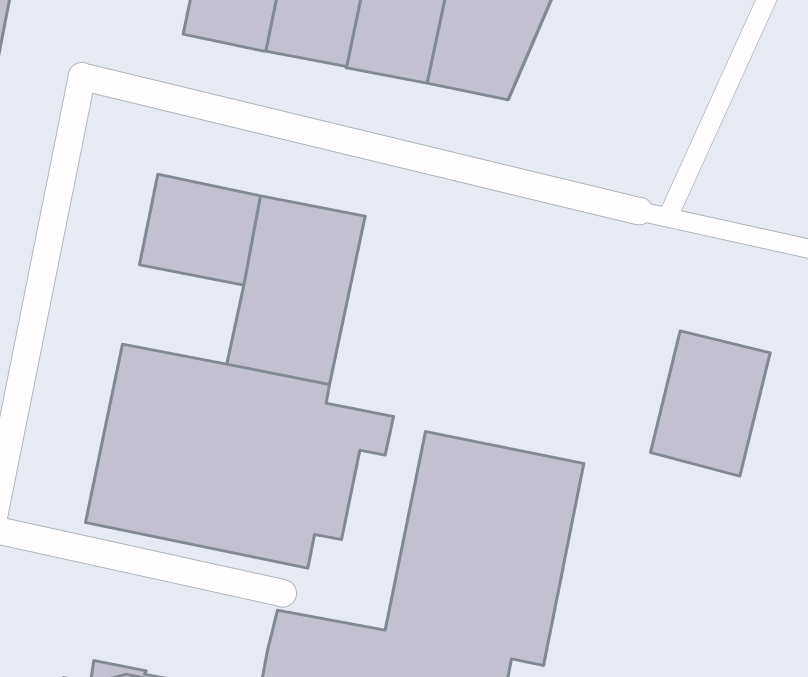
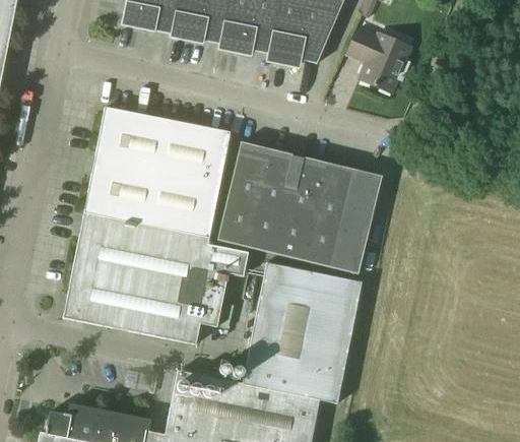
building: none -> [347,26,410,90]
building: none -> [217,142,382,274]
building: none -> [84,162,157,222]
building: [651,331,770,476] -> none

